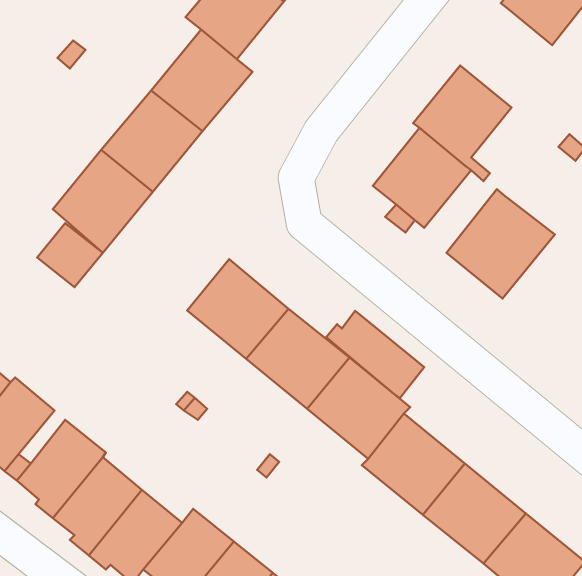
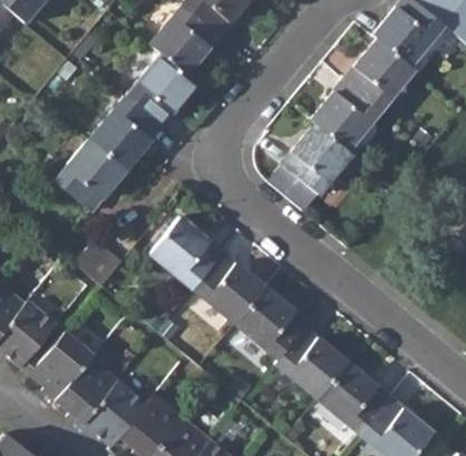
building: none -> [345,39,415,110]
building: [446,189,555,298] -> none
building: [37,223,103,287] -> [75,241,122,286]
building: [326,311,424,398] -> none

